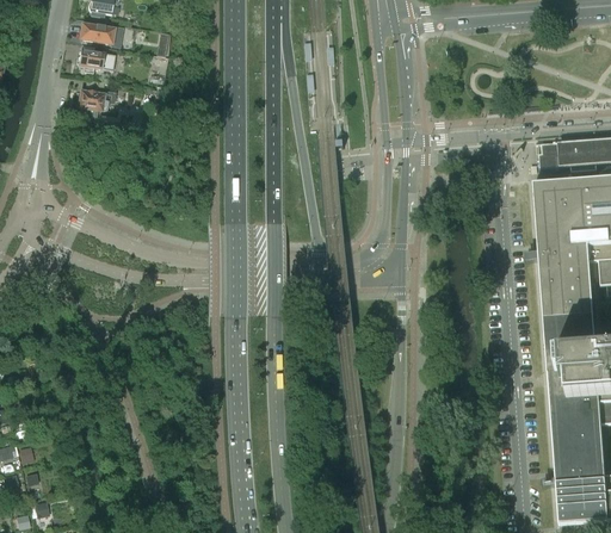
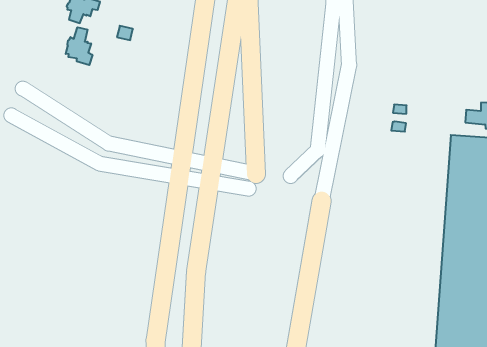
building: none -> [66,27,92,65]

